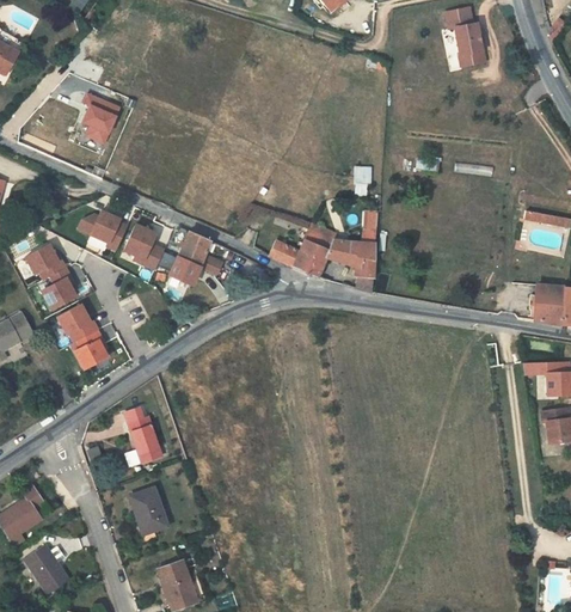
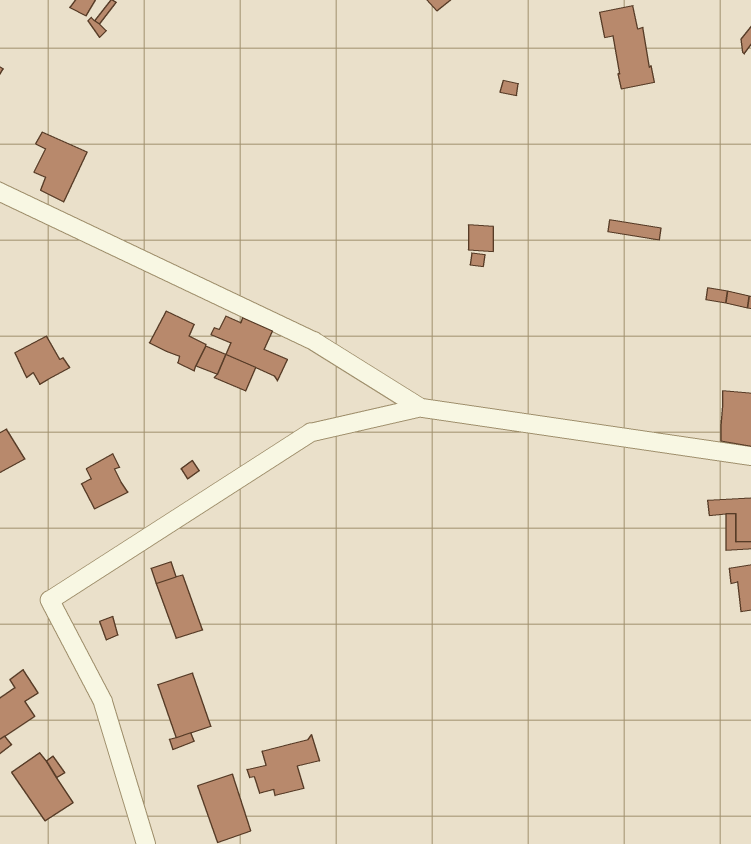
building: [82,94,121,145] -> [34,132,87,202]
building: [78,210,127,250] -> none
building: [268,222,376,293] -> none
building: [42,268,75,310] -> none
building: [57,305,98,342] -> none
building: none -> [247,735,319,796]

